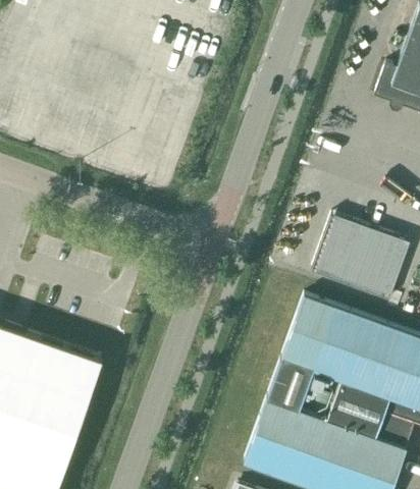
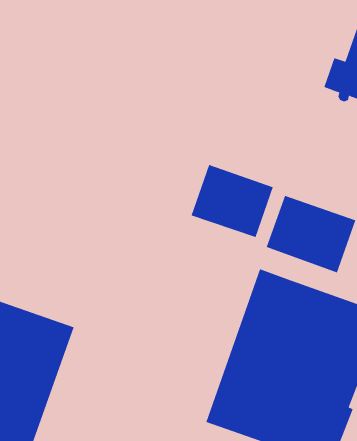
building: none -> [191,164,273,238]

